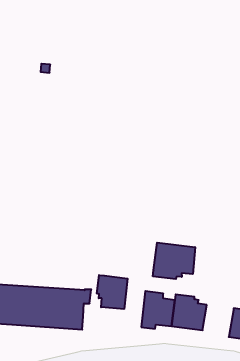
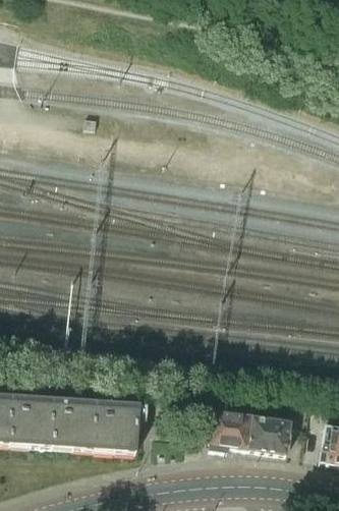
building: [153,243,195,279] -> none
building: [97,275,128,309] -> none

